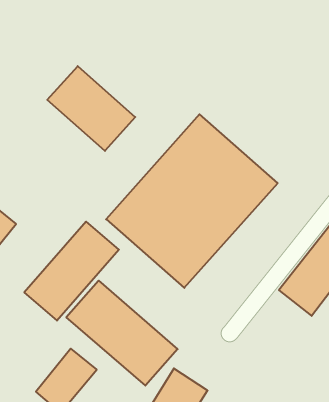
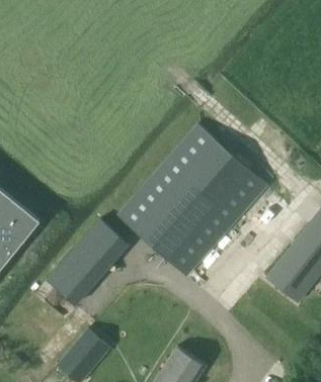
building: [47,66,135,151] -> none
building: [66,281,178,386] -> none

